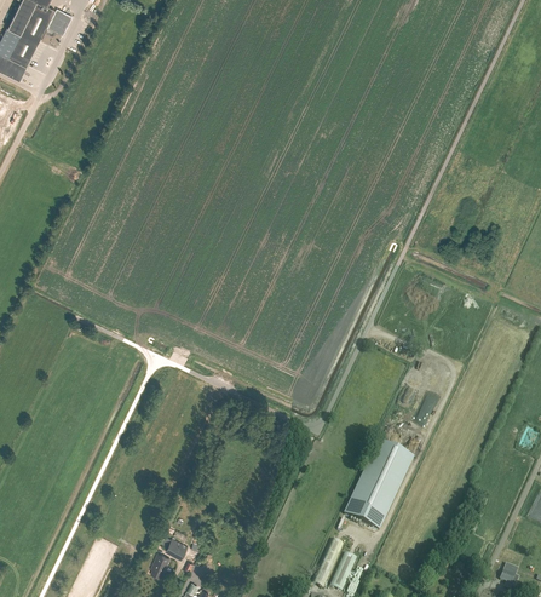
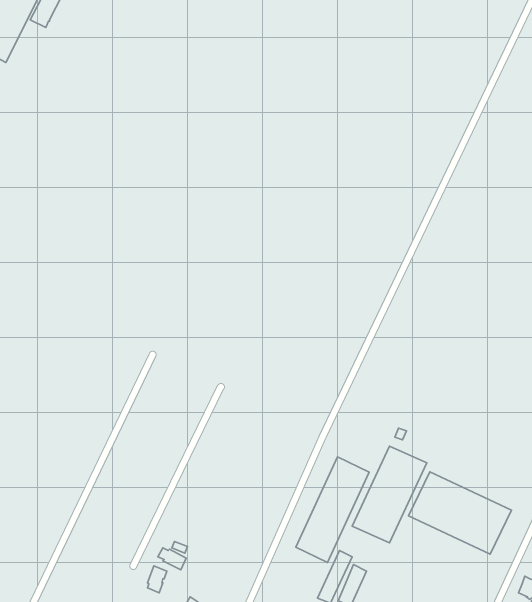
building: none -> [296,457,369,563]
building: none -> [408,472,512,554]

